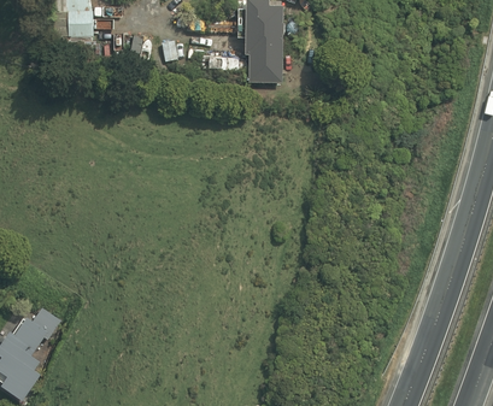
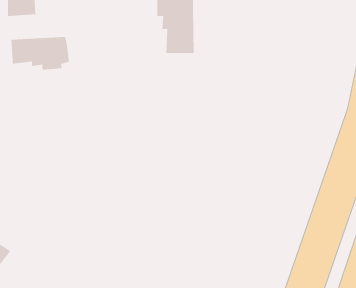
building: none -> [11,36,70,70]

